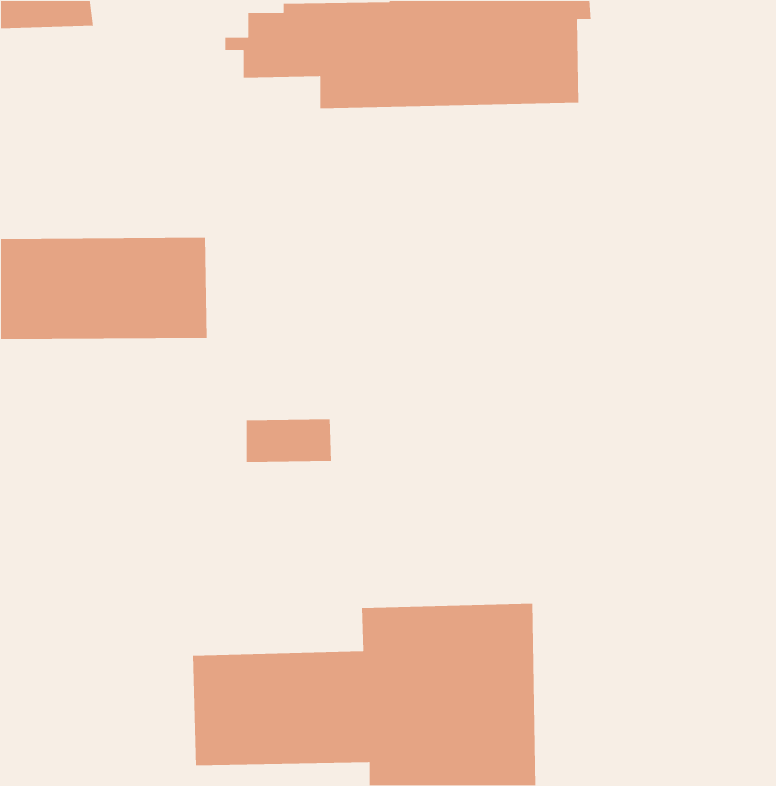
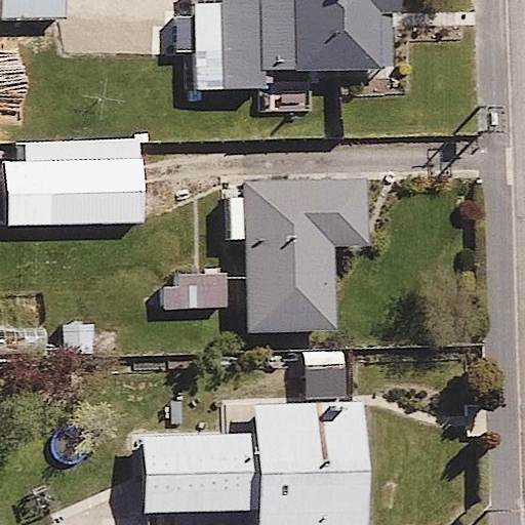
building: none -> [226,184,367,330]

